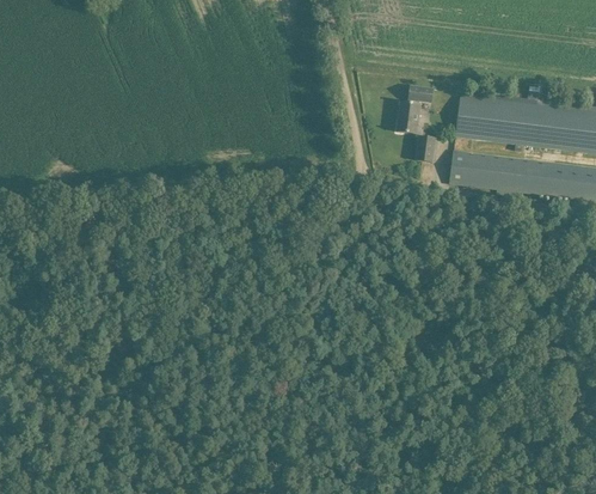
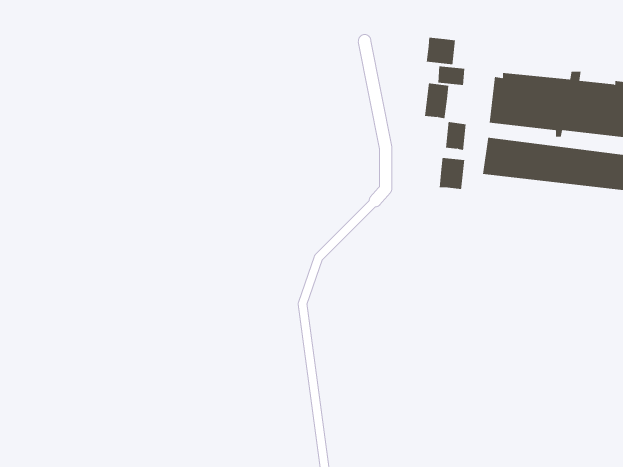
building: none -> [426,37,455,65]
building: none -> [439,157,465,190]

